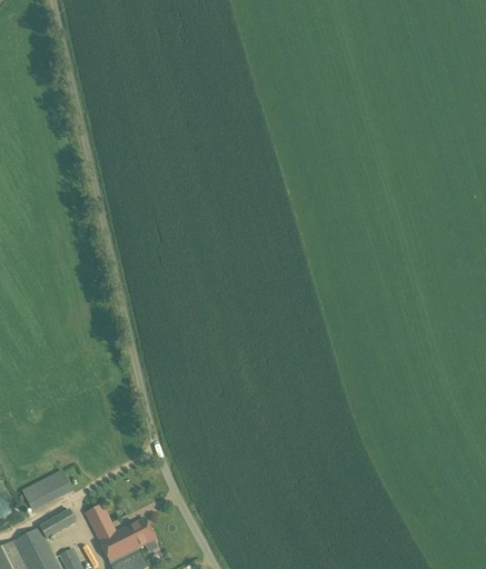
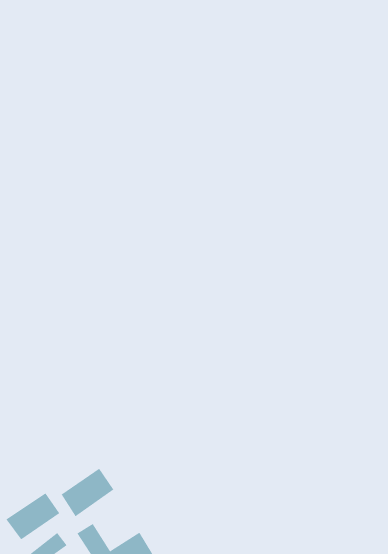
building: none -> [61,468,114,517]

